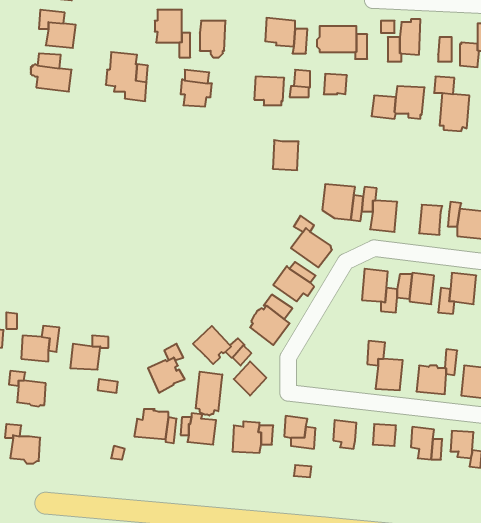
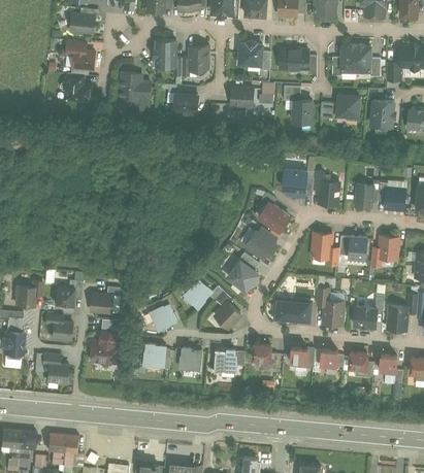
building: none -> [355,45,370,72]
building: [273,140,299,170] -> [292,101,312,124]
building: none -> [274,301,309,324]
building: [196,372,222,416] -> none
building: none -> [91,329,120,363]

